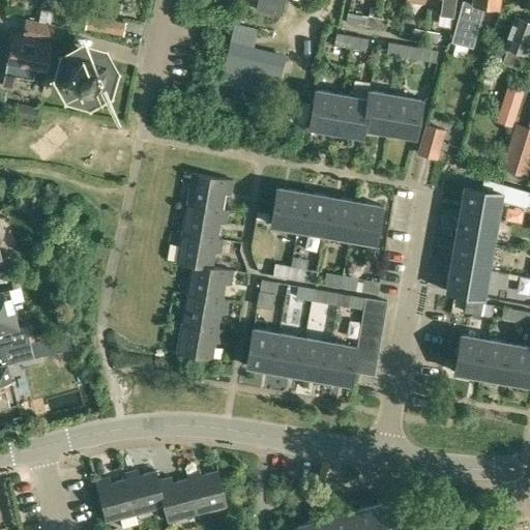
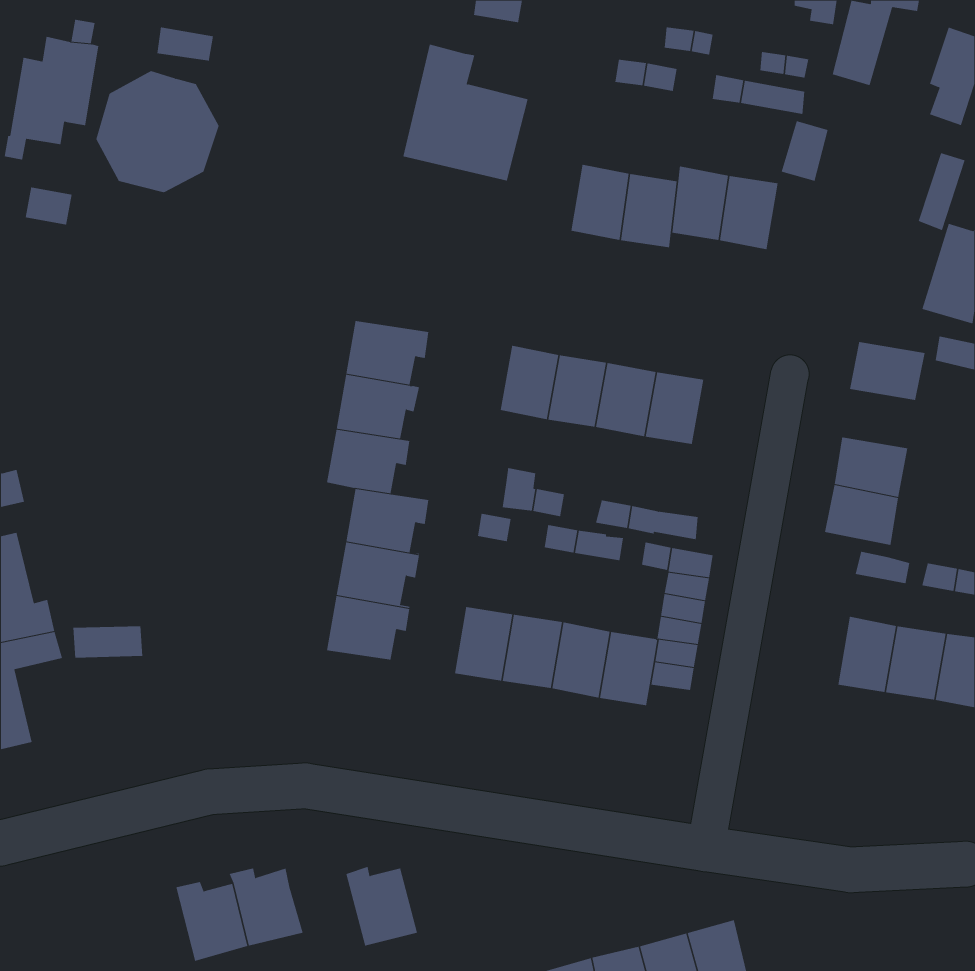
building: [418,126,444,159] -> [781,120,828,181]
building: [457,213,497,245] -> none
building: [157,476,198,523] -> none

